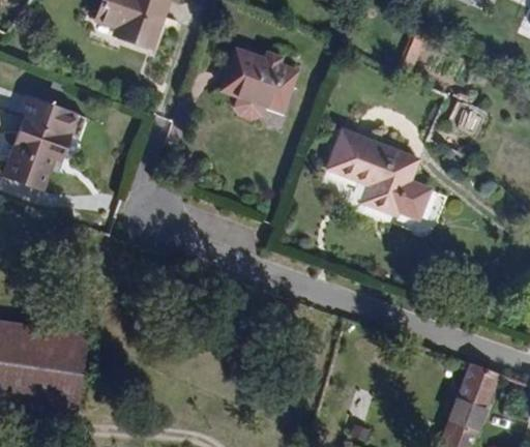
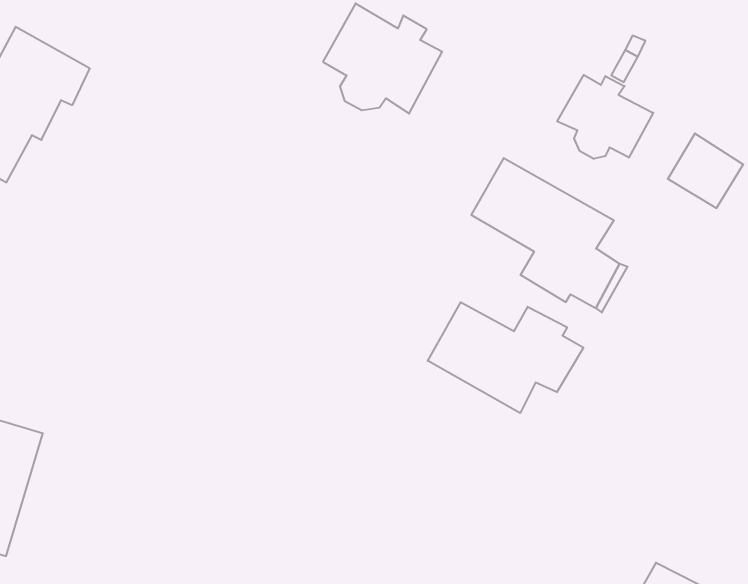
building: none -> [557,75,653,159]
building: none -> [428,302,583,413]

